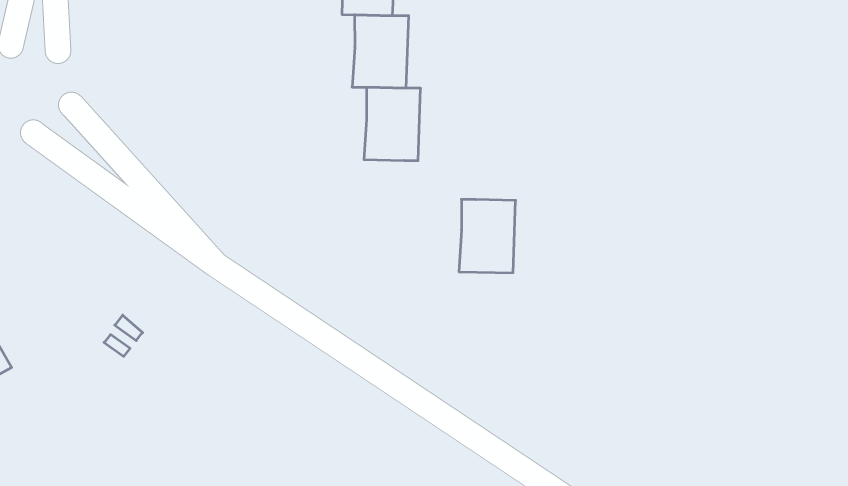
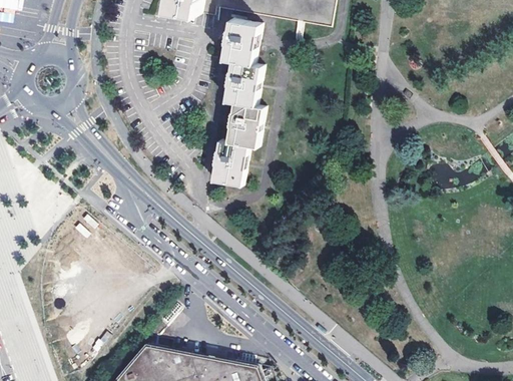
building: [459,199,516,273] -> [209,141,245,185]

